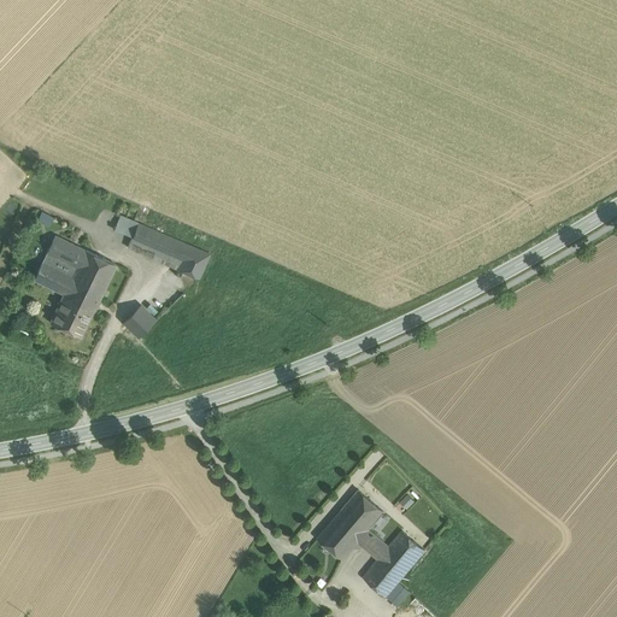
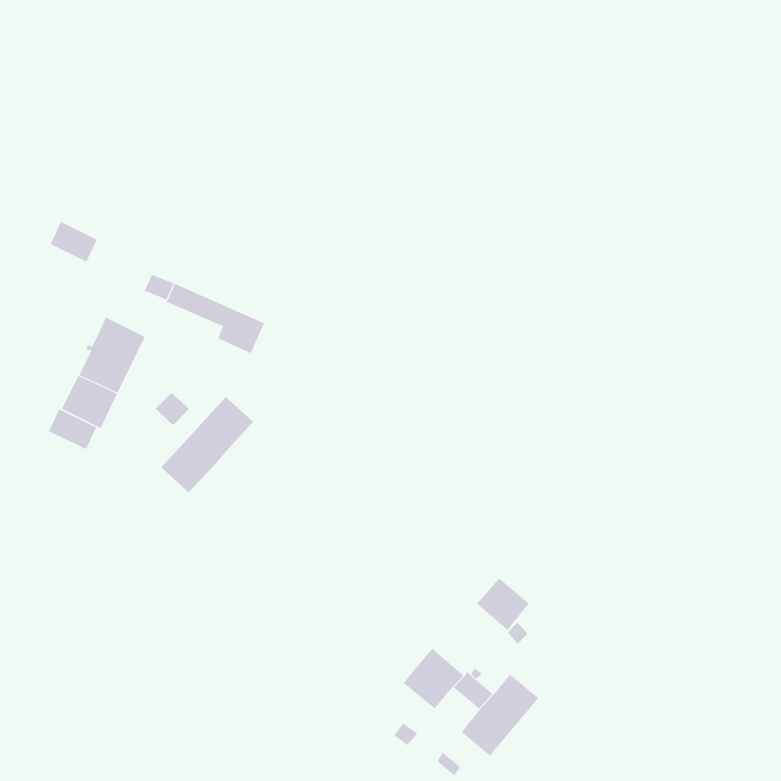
building: [46,236,83,269] -> [50,221,97,262]
building: [33,263,71,295] -> [48,408,97,450]
building: none -> [160,396,254,493]
building: [340,490,382,533] -> [476,578,530,631]

